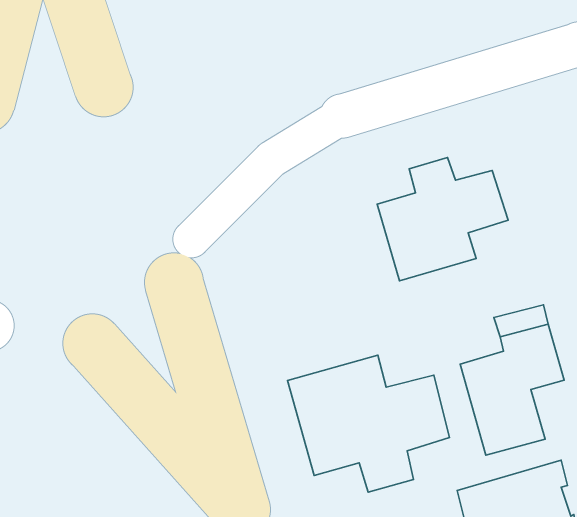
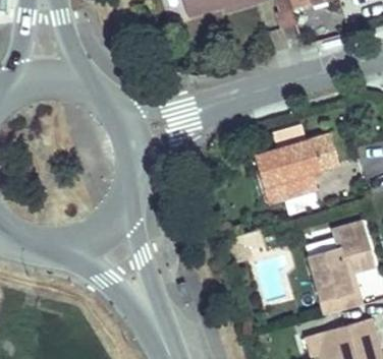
building: [288,355,450,492] -> none

